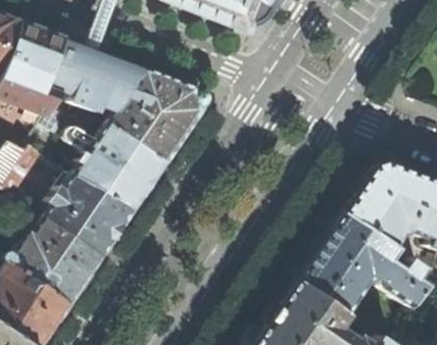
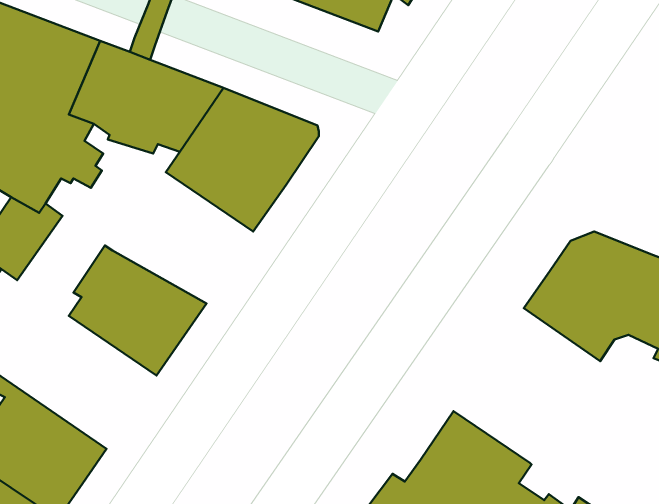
building: [67,126,167,211] -> none
building: [298,214,428,315] -> none
building: [6,219,104,306] -> none

